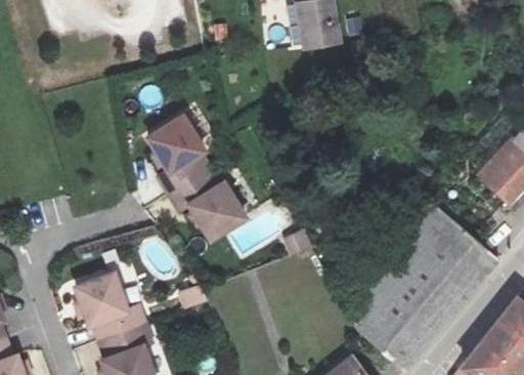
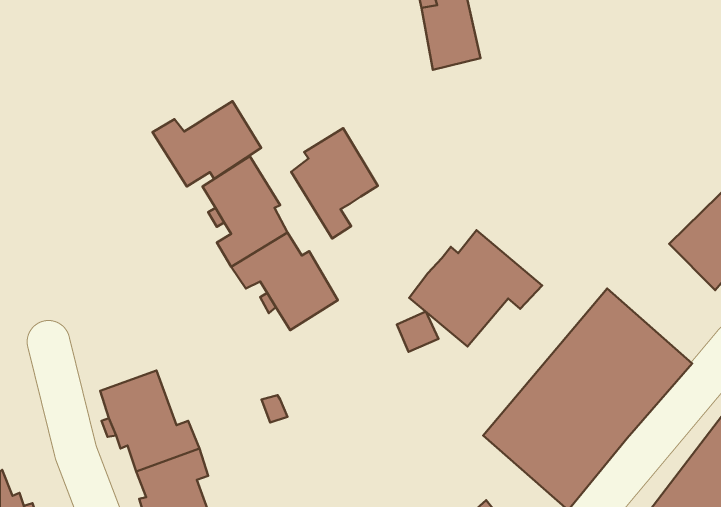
building: none -> [152,101,261,186]
building: none -> [291,128,378,239]
building: none -> [409,230,542,347]

